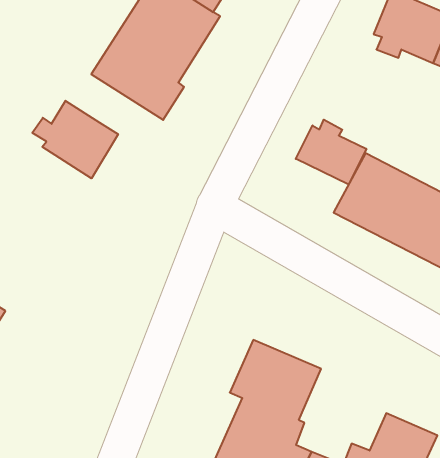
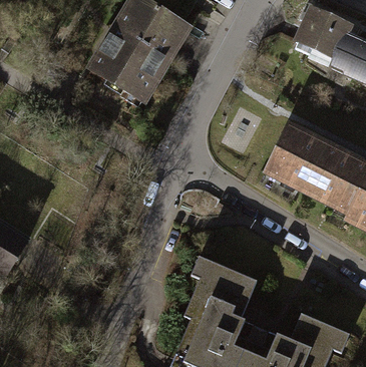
building: [32,101,118,178] -> none
building: [296,120,366,184] -> none

